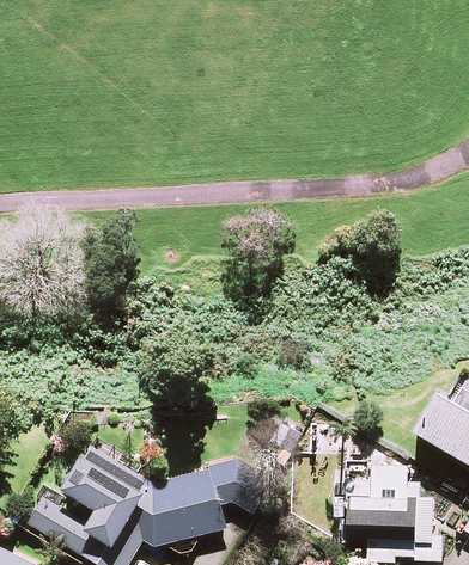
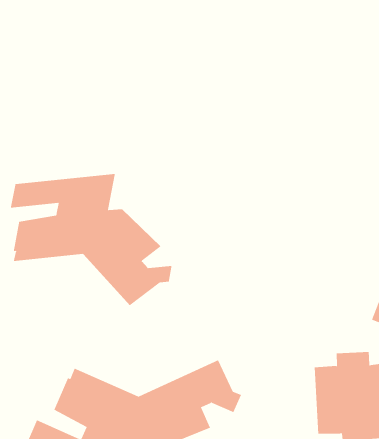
building: none -> [10,173,172,306]

